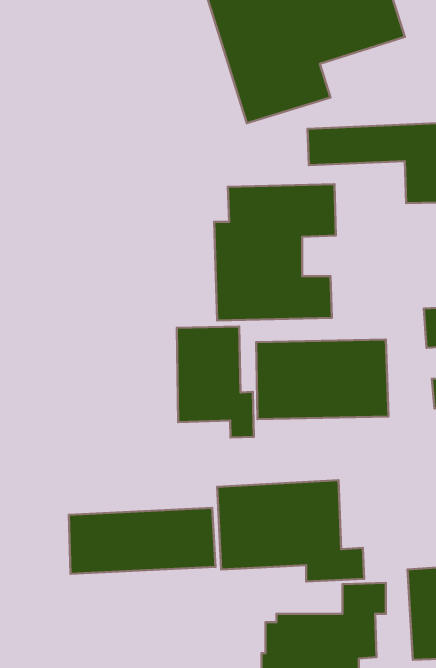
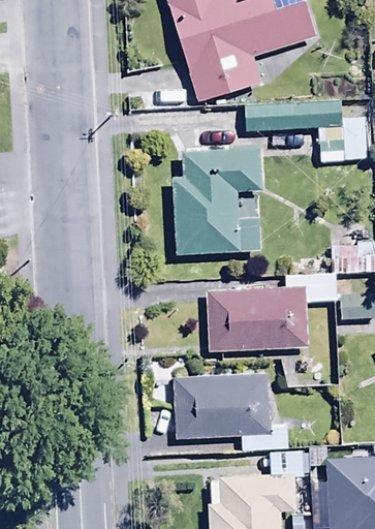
building: [177,327,254,437] -> none
building: [69,508,215,574] -> none

